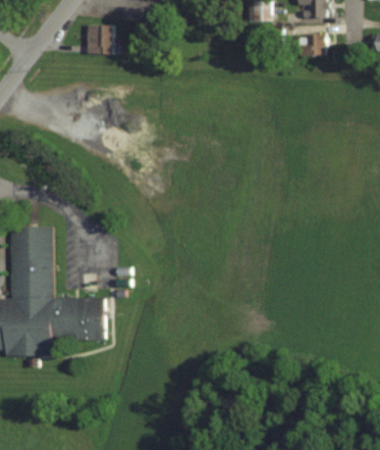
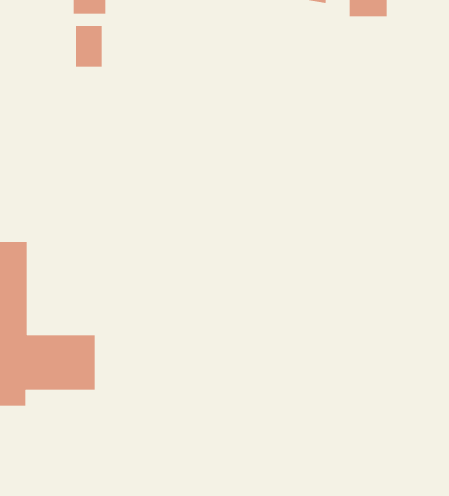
building: none -> [75,25,102,67]

